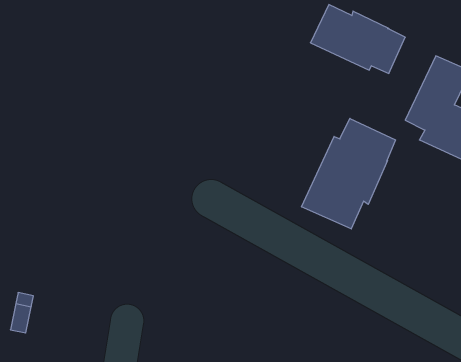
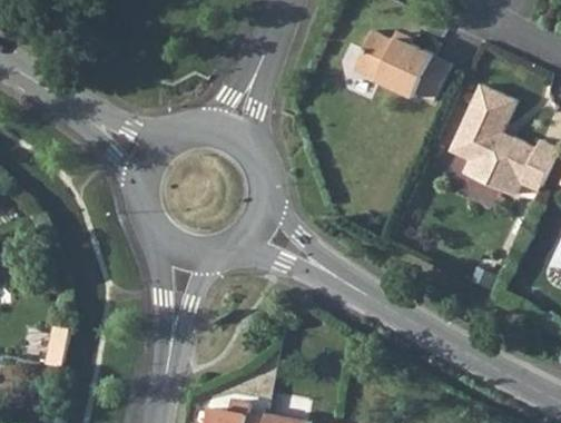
building: [302,118,396,229] -> none

